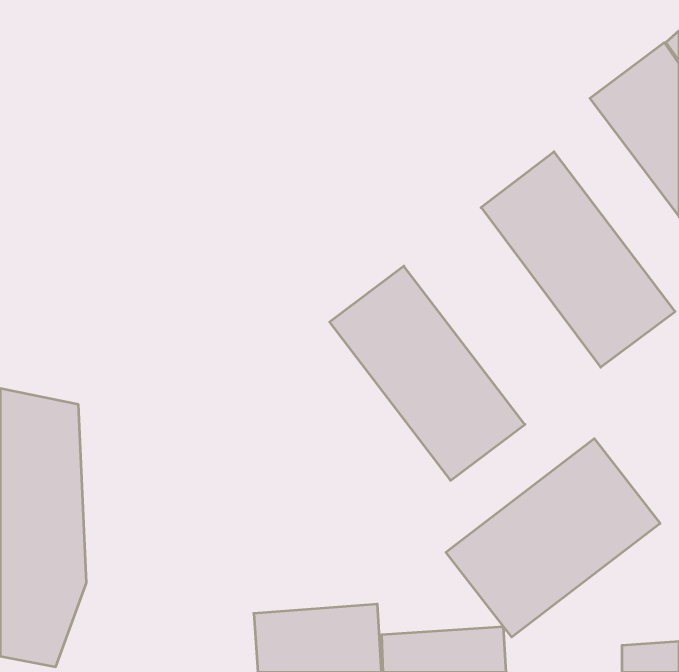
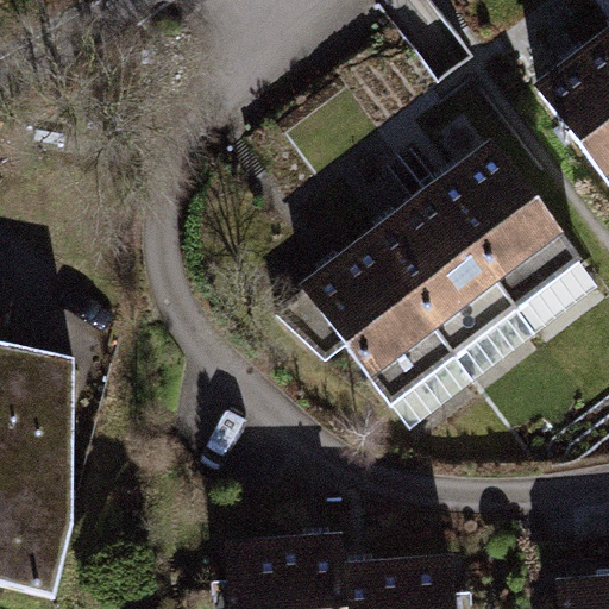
building: none -> [363,187,536,378]
building: [446,439,660,637] -> none

